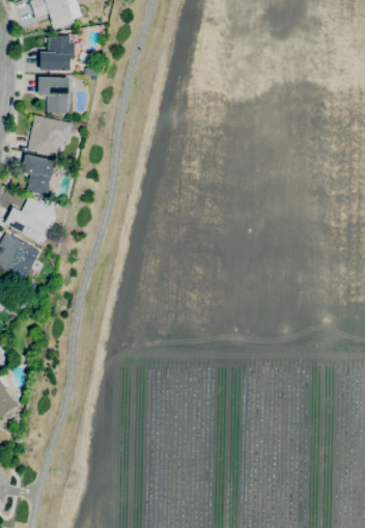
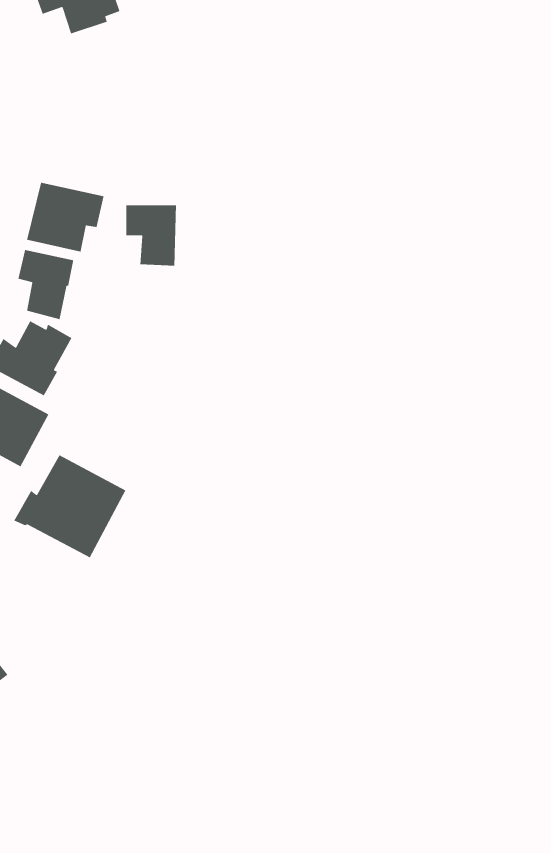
building: [40,35,75,71] -> none
building: [38,77,68,113] -> [125,204,177,266]
building: none -> [13,454,127,559]

